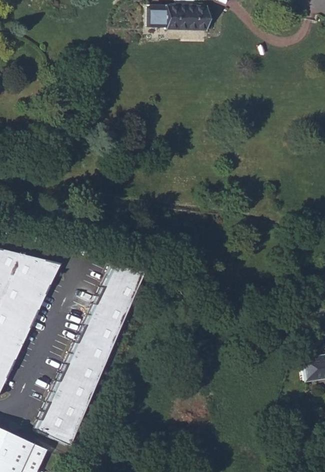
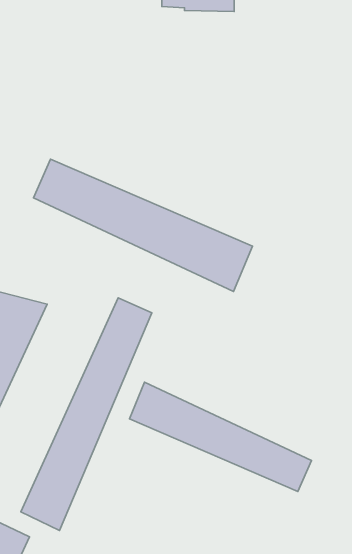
building: none -> [33,159,252,292]
building: none -> [129,382,312,491]

